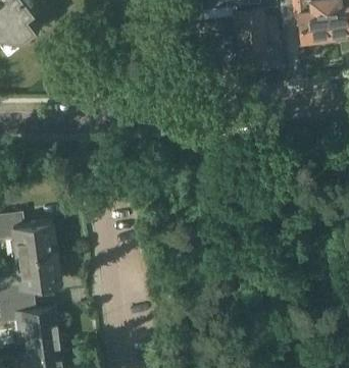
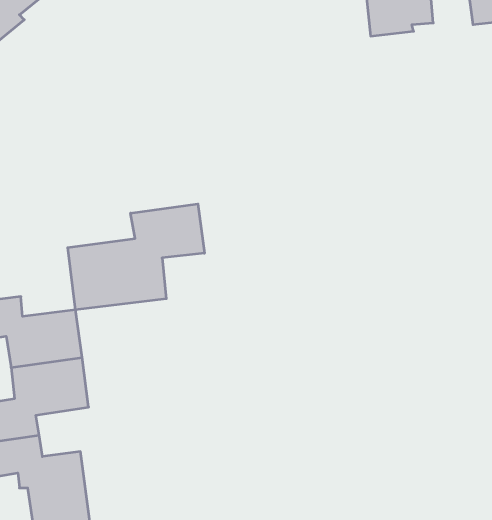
building: none -> [68,204,204,310]

